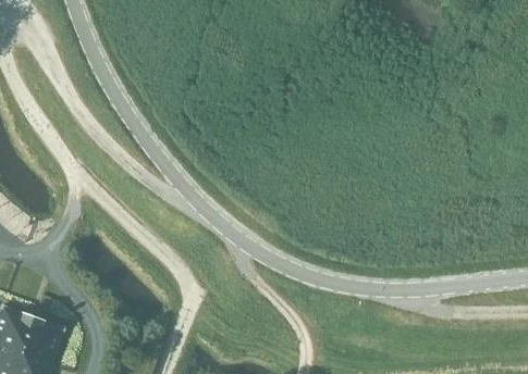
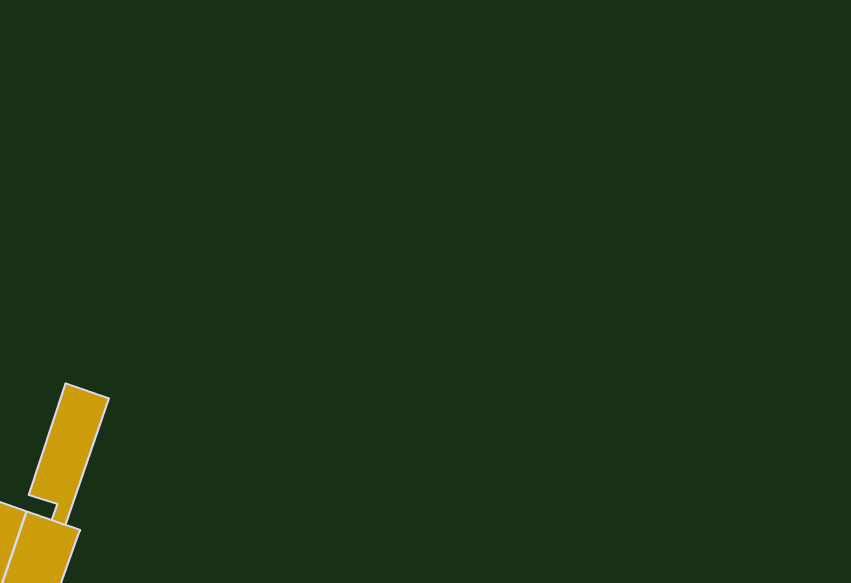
building: none -> [29,383,109,525]

